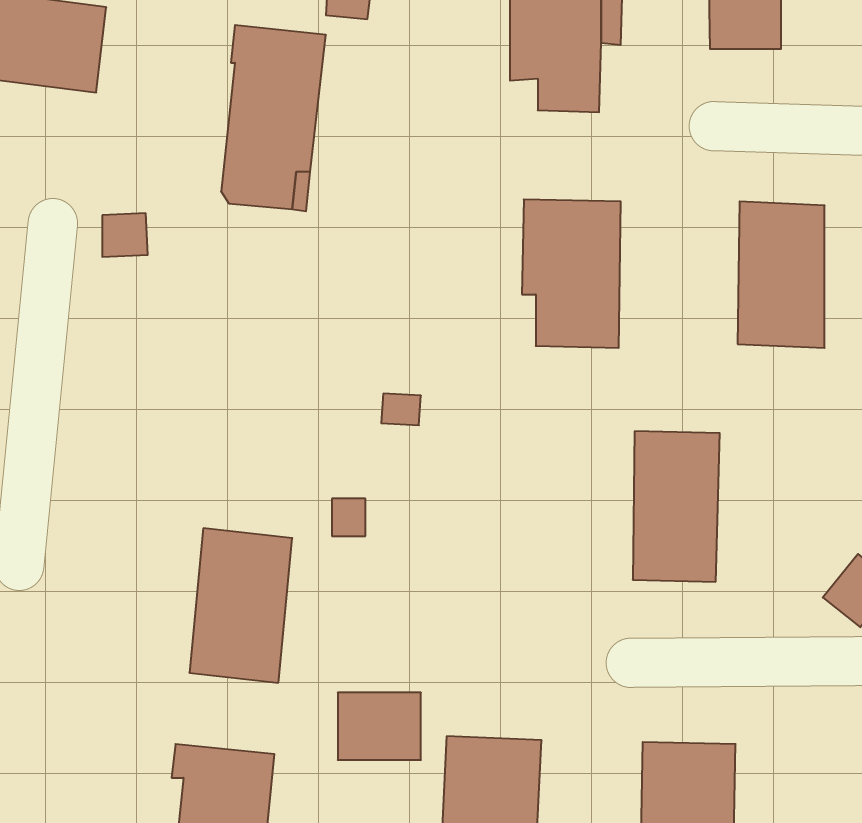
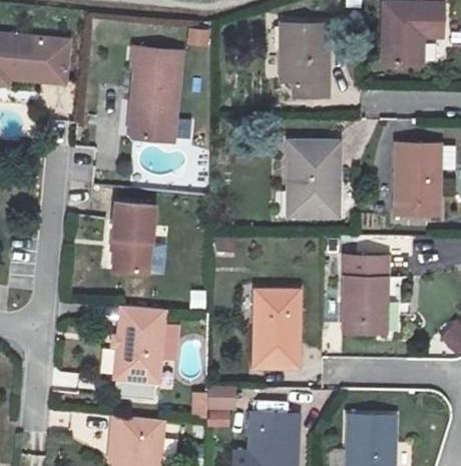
building: none -> [113,204,156,278]
building: none -> [251,290,295,368]

